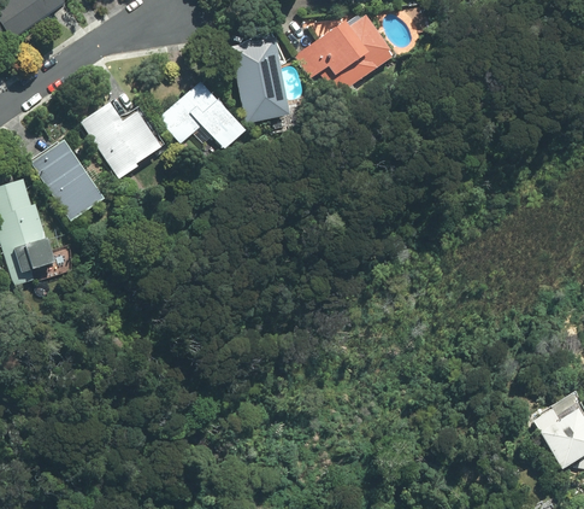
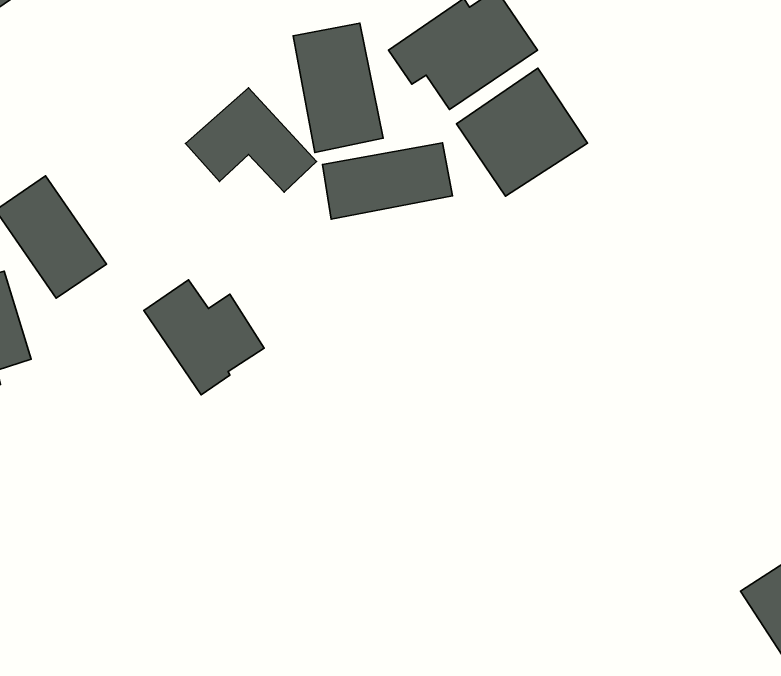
building: none -> [457,68,587,196]
building: [79,100,160,177] -> [144,280,264,395]
building: none -> [322,143,452,219]

